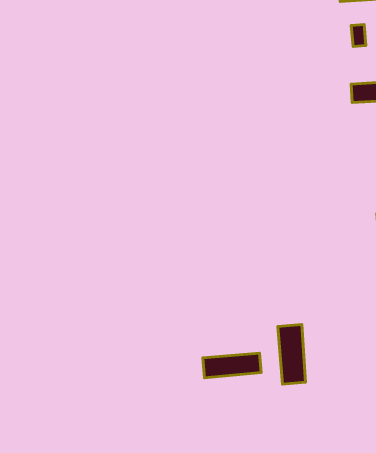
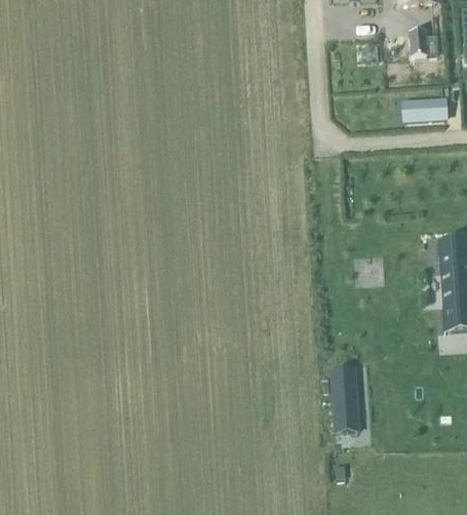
building: [203,353,261,378] -> none

